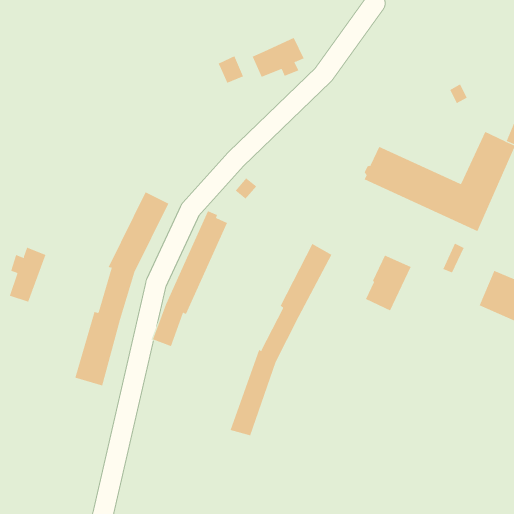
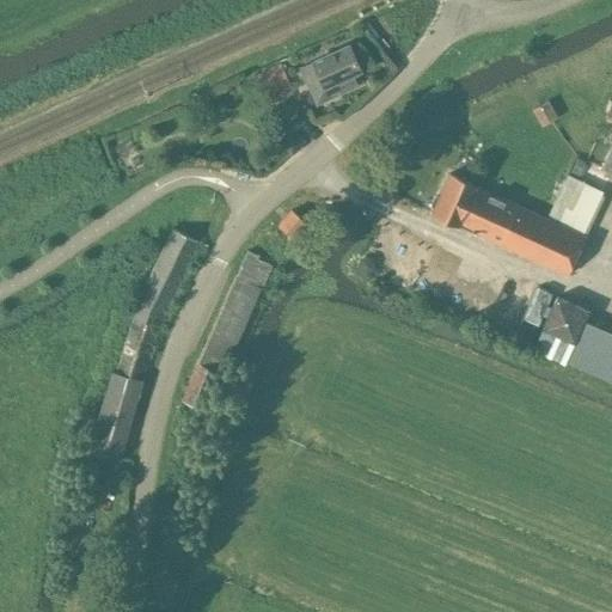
building: [230,243,332,436] -> none
building: [9,247,46,303] -> none
building: [365,255,412,311] -> [534,298,589,365]

